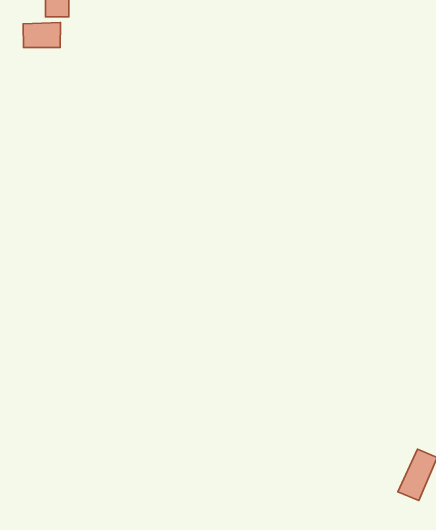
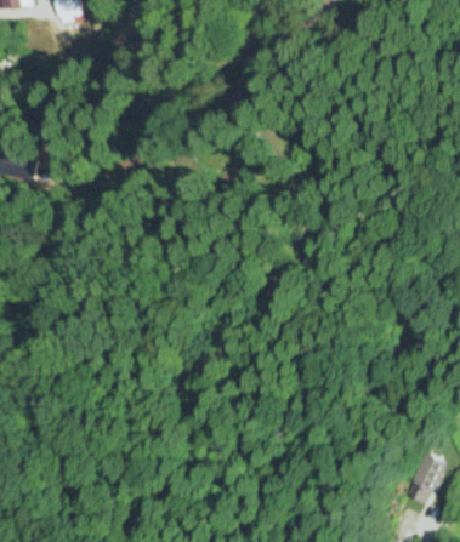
building: [23,23,60,47] -> none

